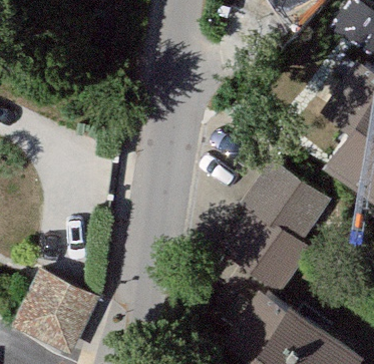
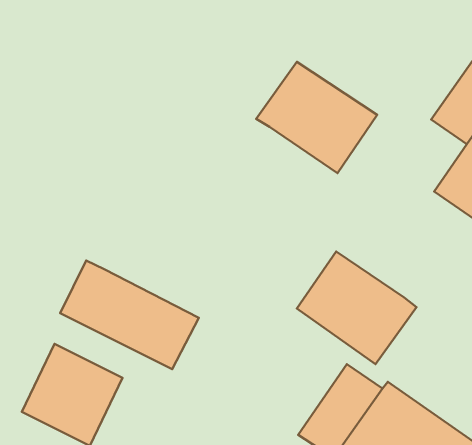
building: [243,162,332,245] -> [256,62,377,173]
building: none -> [60,261,199,369]

